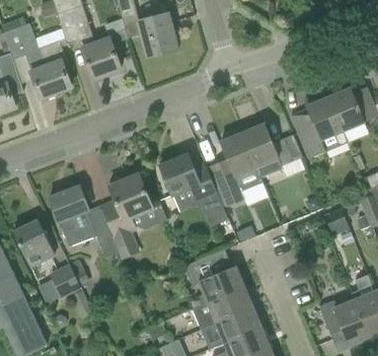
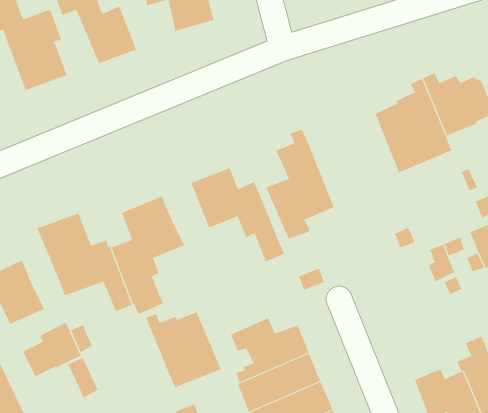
building: [239,123,303,177] -> none
building: none -> [145,311,221,388]

